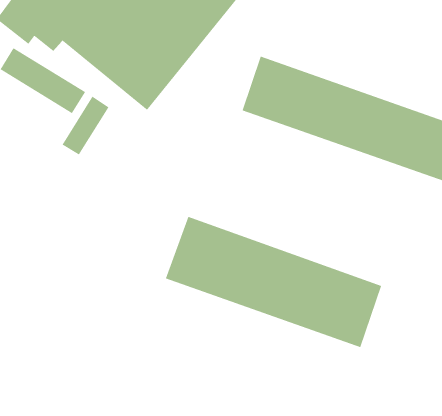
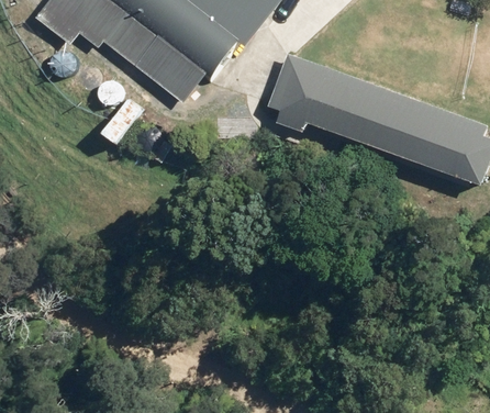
building: [165,216,382,348] -> none

